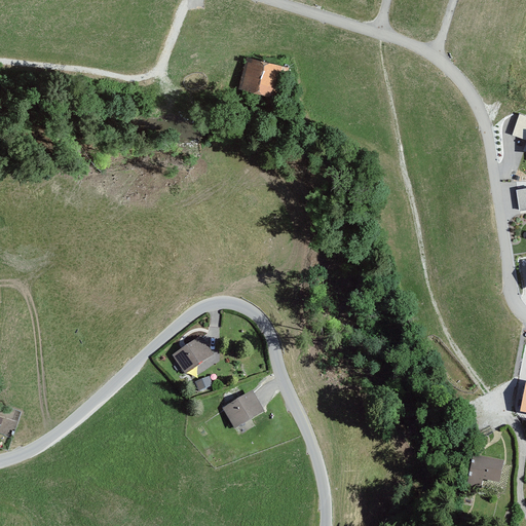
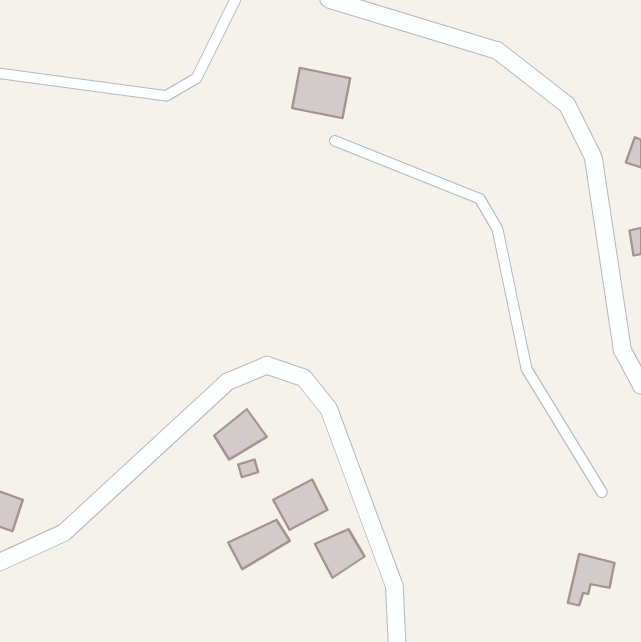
building: none -> [228,520,290,569]
building: none -> [315,529,364,578]

